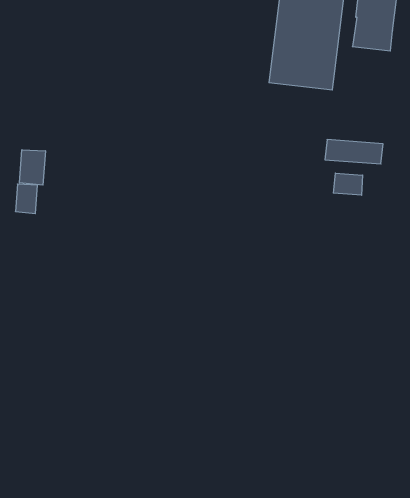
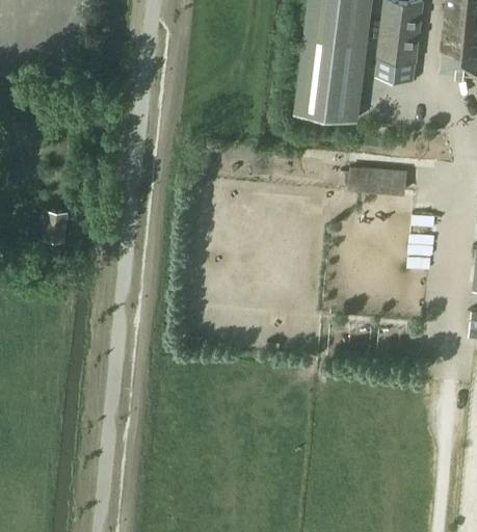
building: [19,150,45,185] -> none
building: [333,173,363,195] -> none

